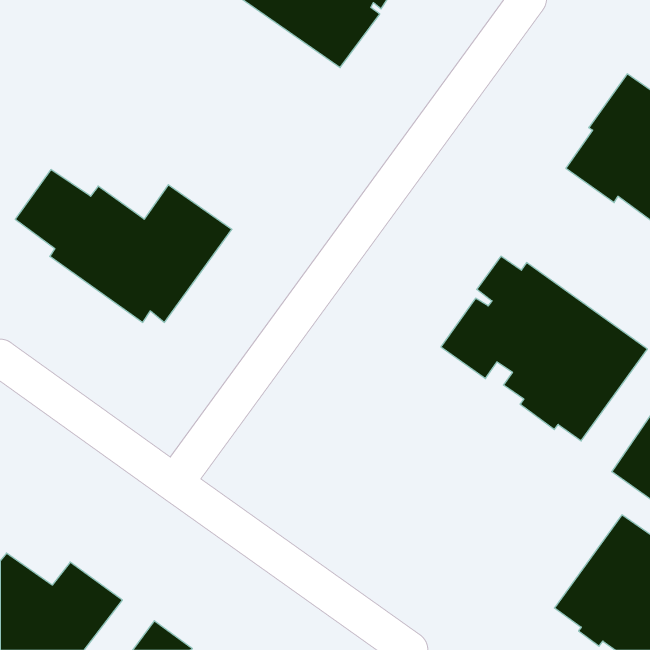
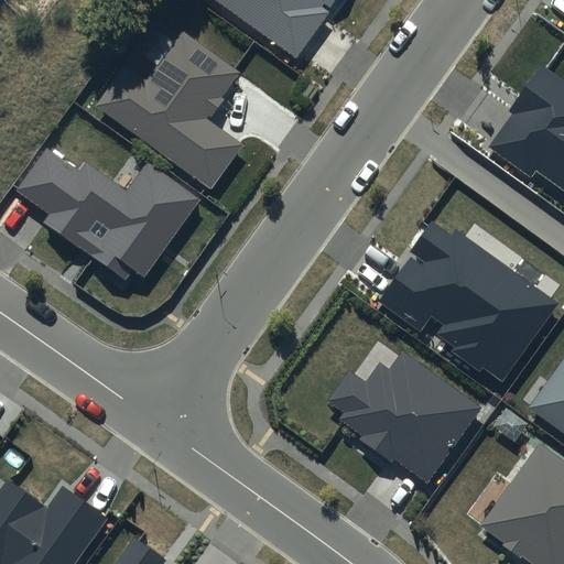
building: none -> [95,31,243,191]
building: none -> [328,350,482,482]

